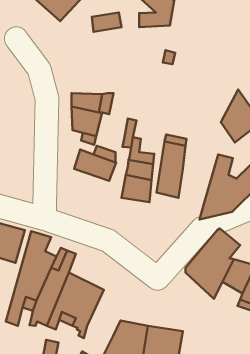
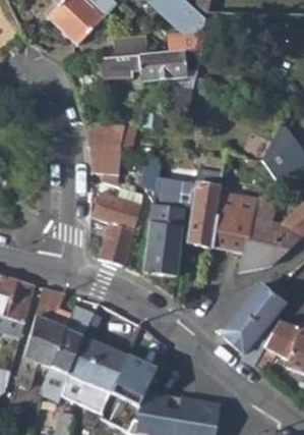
building: none -> [69,48,203,90]
building: none -> [214,194,259,254]
building: none -> [90,214,133,265]
building: none -> [142,248,180,277]
building: none -> [102,355,158,424]

